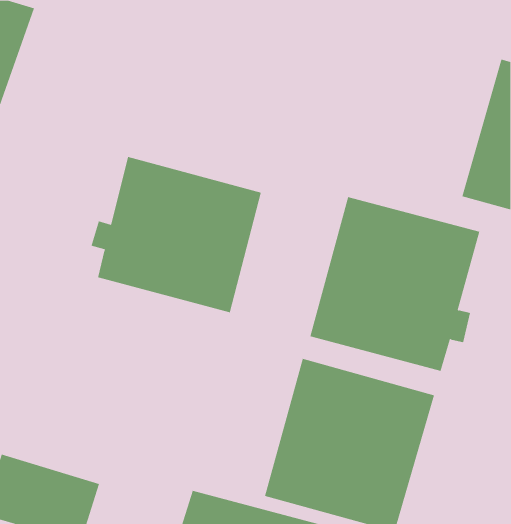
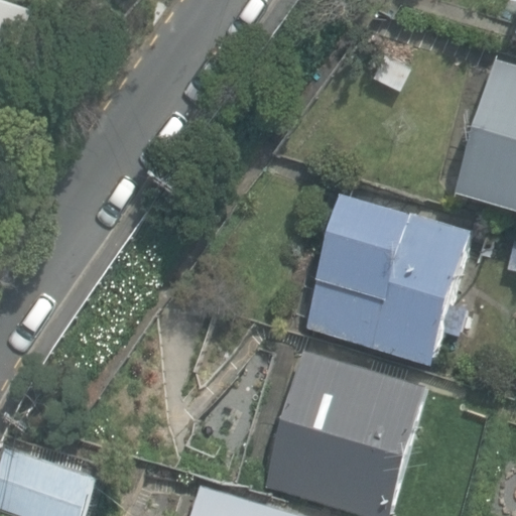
building: [91,156,261,313] -> none

